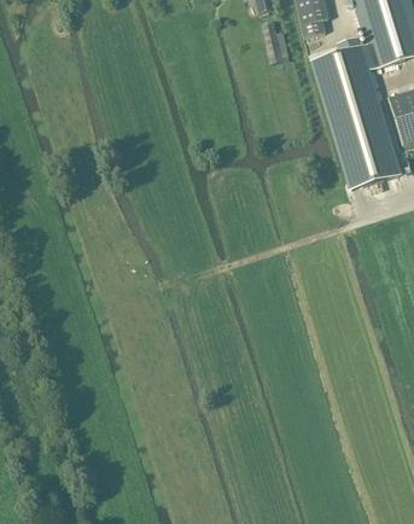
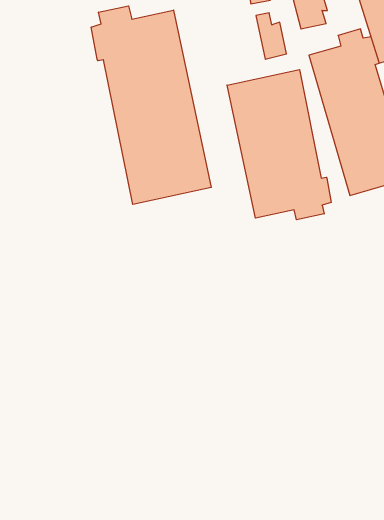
building: none -> [91,6,211,204]
building: none -> [227,70,331,220]

